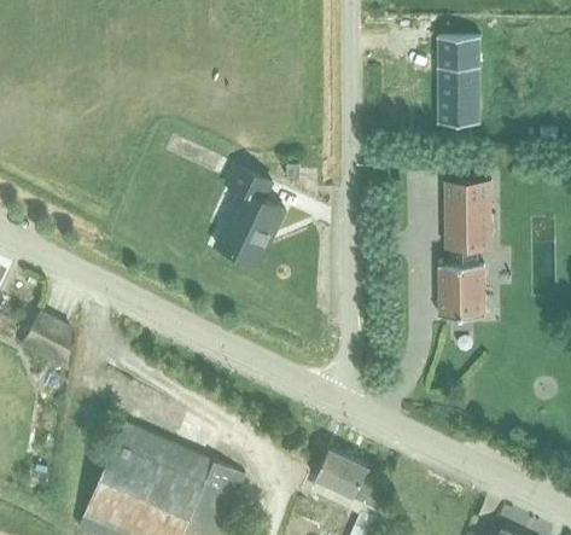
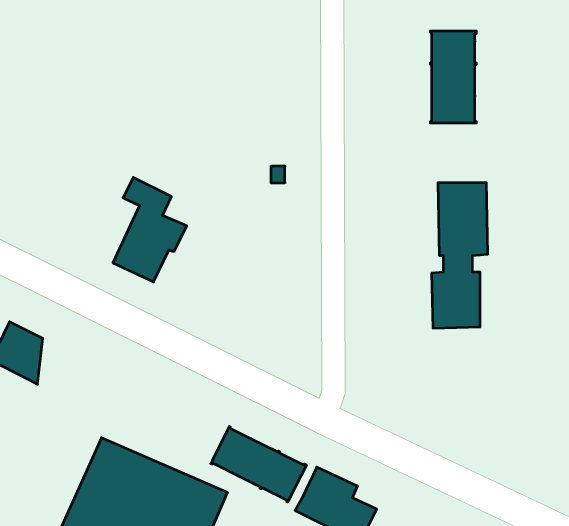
building: [215,164,285,263] -> [113,177,187,282]
building: none -> [211,426,306,502]

